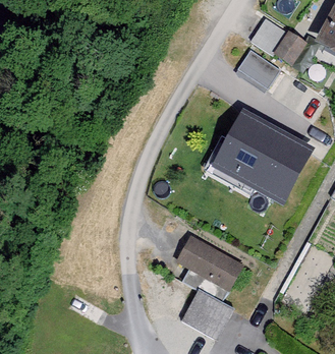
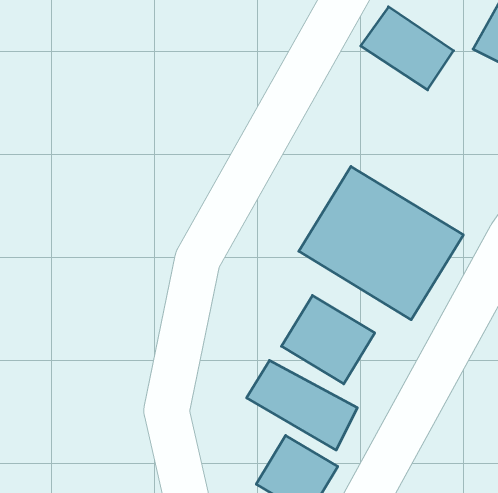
building: [239,46,280,83] -> none
building: none -> [281,295,375,384]

